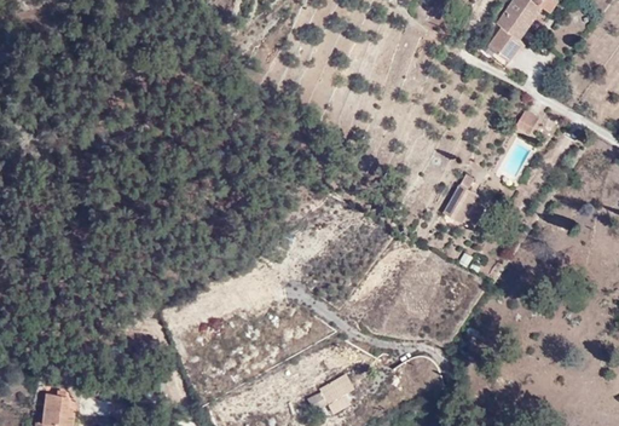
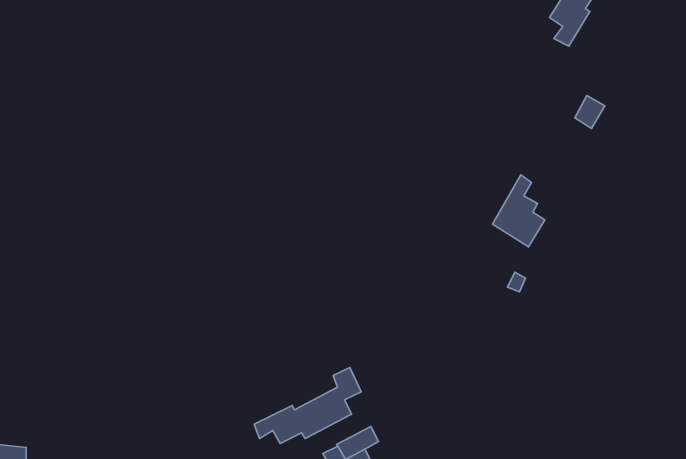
building: none -> [254,368,361,443]

